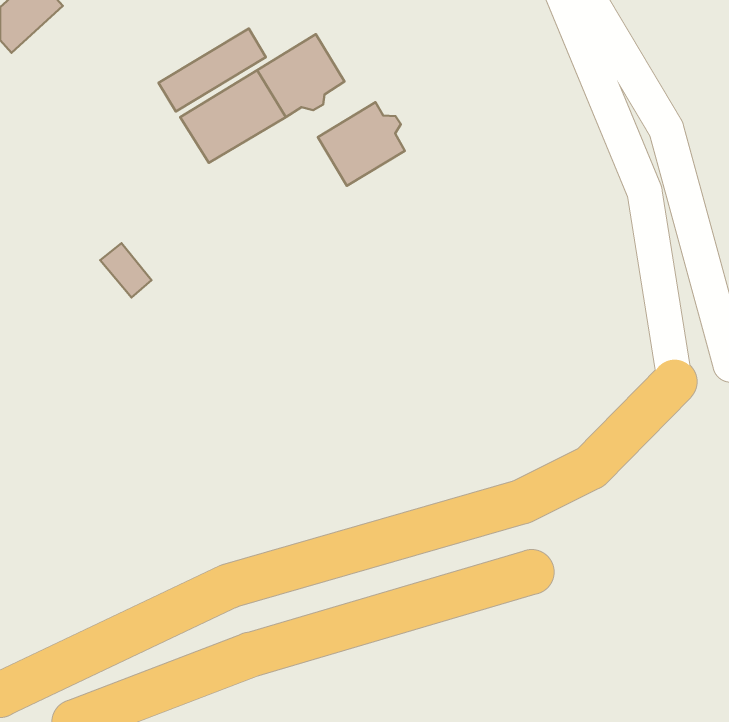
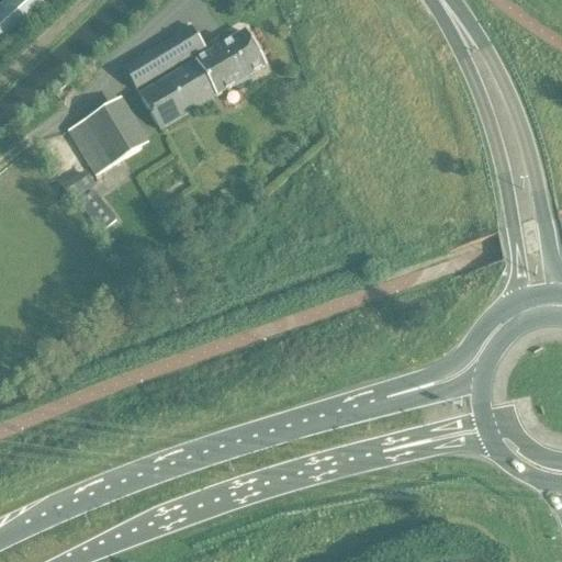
building: [318,102,405,186] -> none
building: none -> [68,94,149,173]

